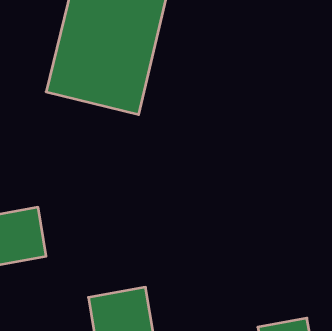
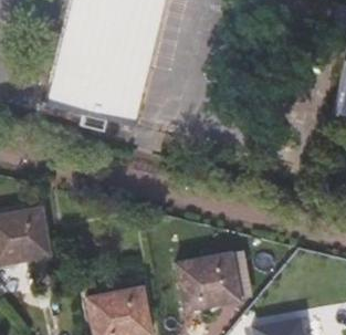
building: none -> [177,251,241,307]

